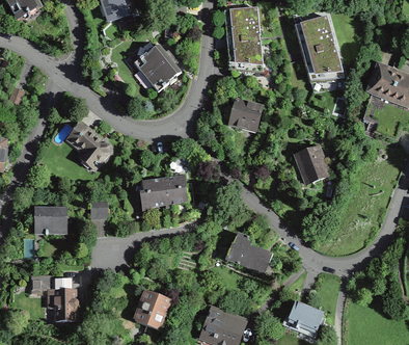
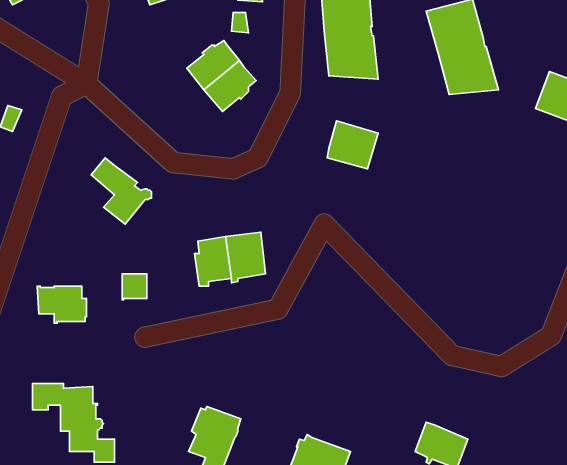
building: [296,145,328,181] -> none
building: [225,232,267,269] -> none

